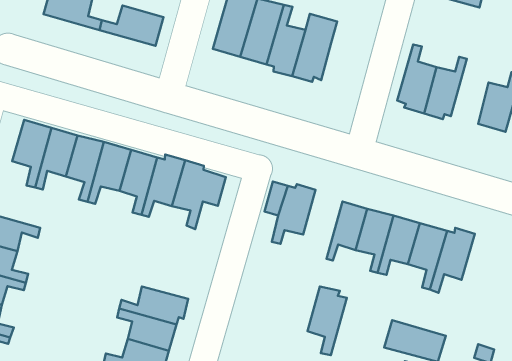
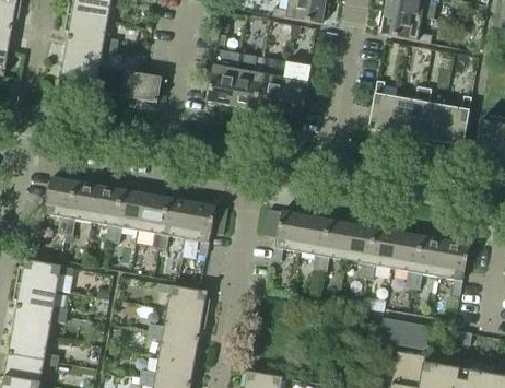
building: none -> [415,86,445,141]
building: none -> [438,235,469,294]
building: none -> [156,282,210,315]
building: [308,286,347,355] -> [300,211,330,269]

